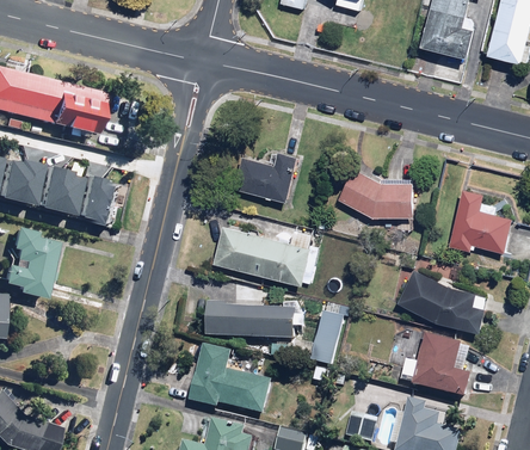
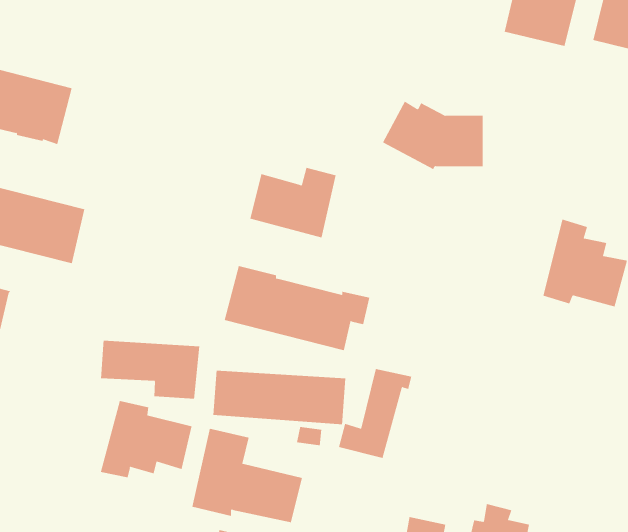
building: [338,168,413,220] -> [382,101,483,170]
building: [396,267,489,335] -> none
building: none -> [101,340,200,399]
building: none -> [100,400,192,478]
building: [400,331,472,399] -> none

